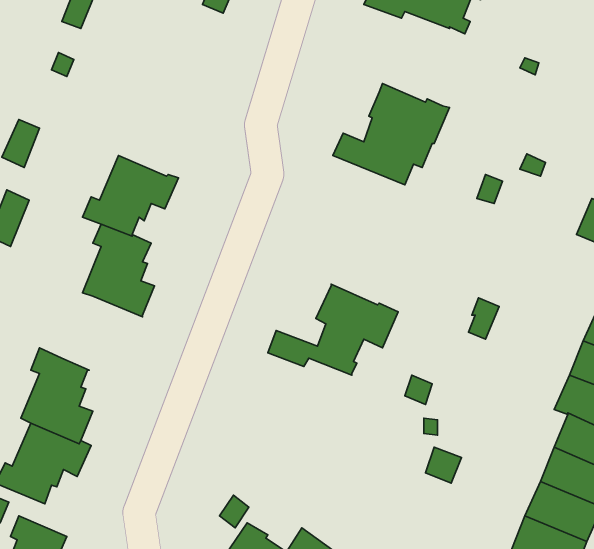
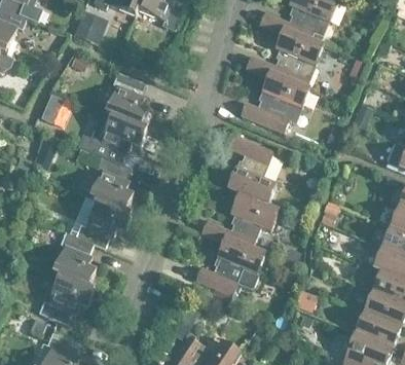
building: none -> [245,29,323,85]
building: none -> [105,71,148,127]
building: none -> [226,134,275,205]
building: none -> [63,199,132,249]
building: none -> [195,236,265,295]

